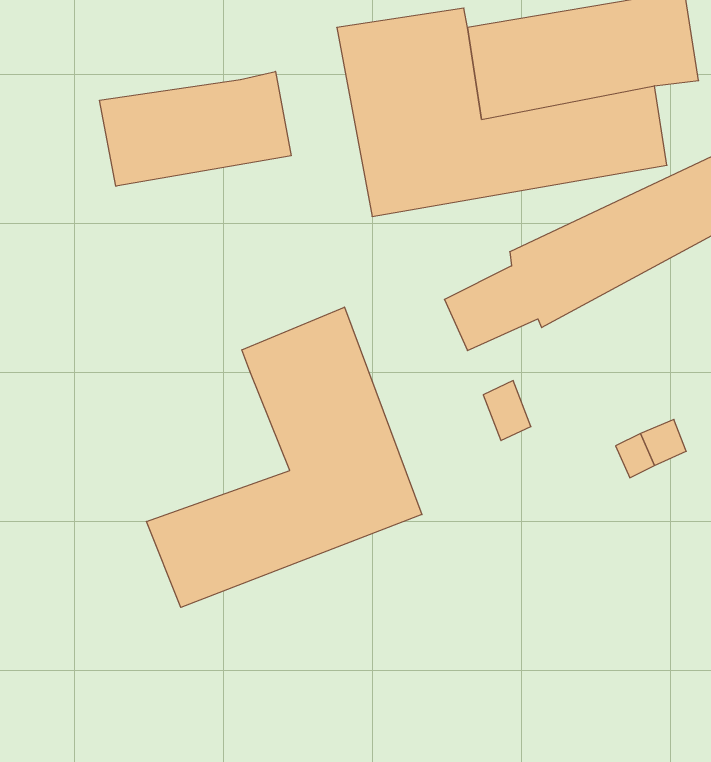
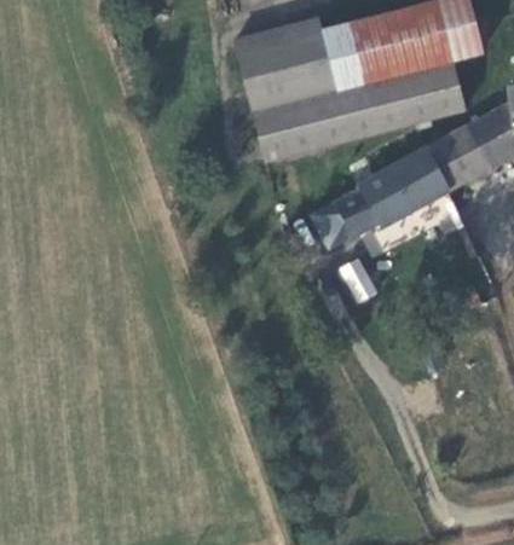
building: [100,71,291,186] -> none
building: [146,307,422,607] -> none

